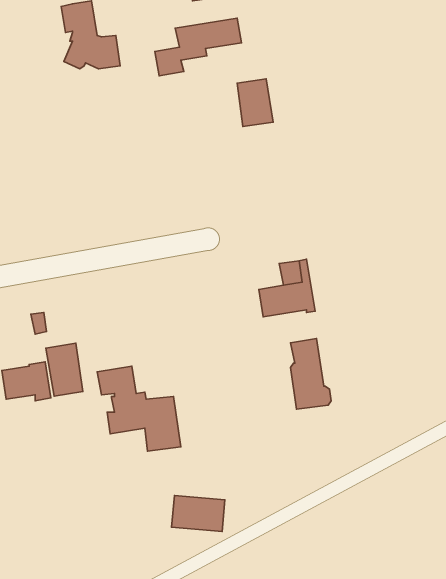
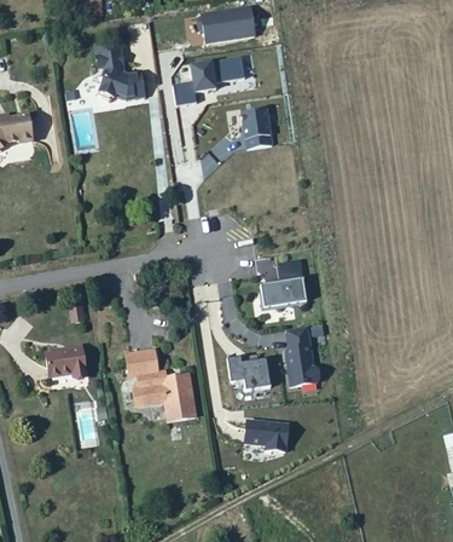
building: [46,343,83,396] -> none
building: none -> [227,358,271,391]
building: [171,495,225,531] -> [244,420,289,450]

